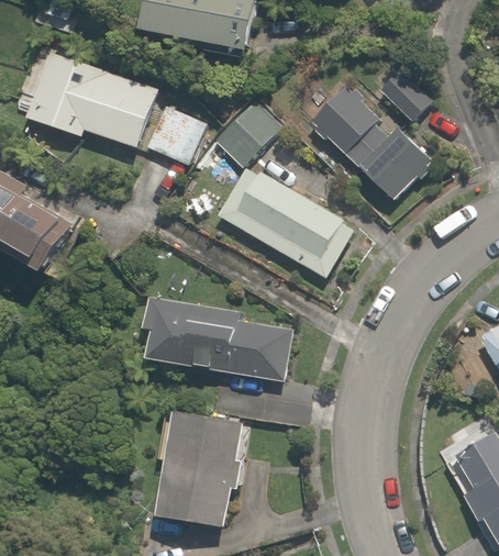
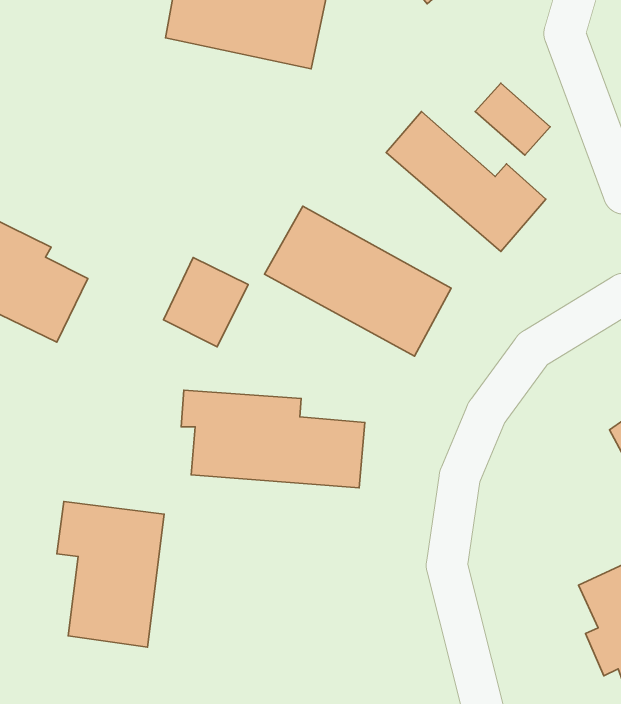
building: [29,52,156,146] -> none
building: [212,96,279,162] -> none
building: [143,97,209,166] -> [163,258,248,347]
building: [156,419,240,532] -> [57,501,164,647]

